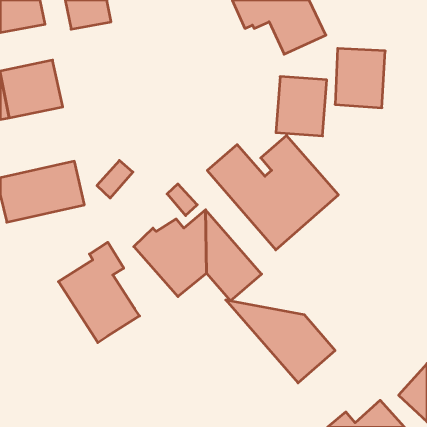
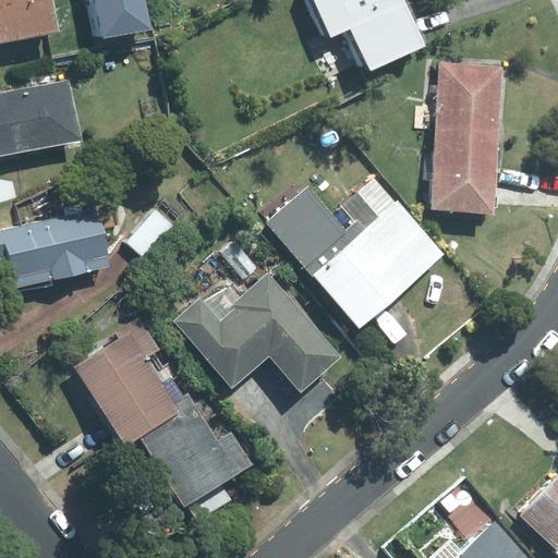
building: [276,77,327,136] -> [432,136,498,214]
building: [226,300,335,383] -> none
building: none -> [141,395,253,507]

